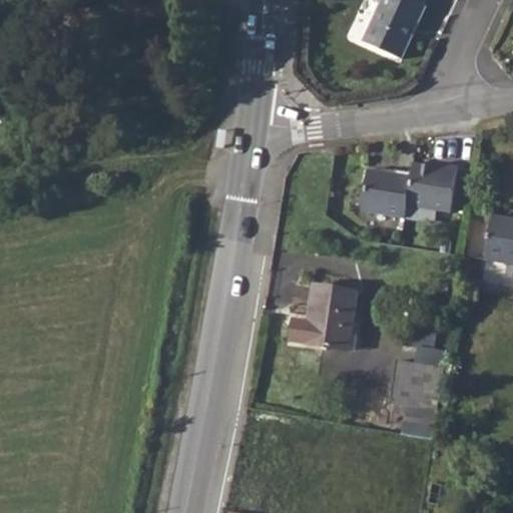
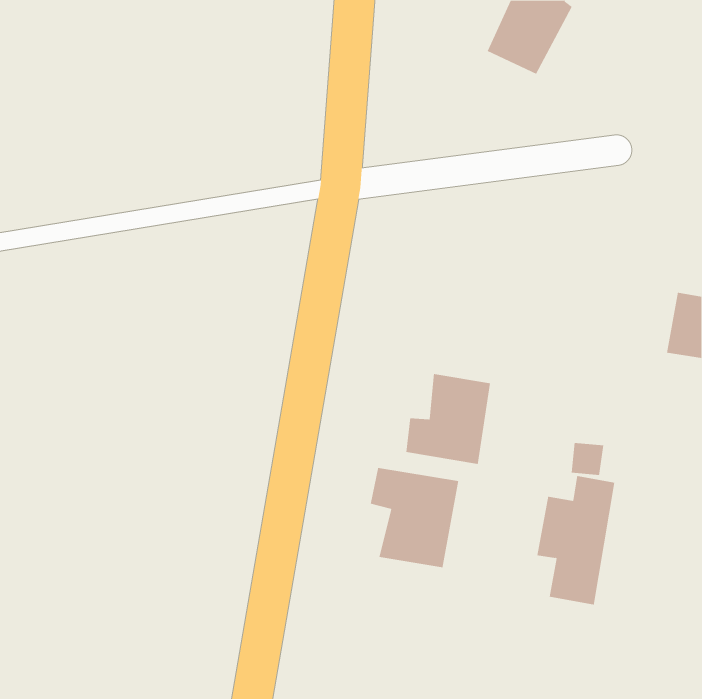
building: [362,163,458,217] -> none
building: none -> [370,467,459,568]

